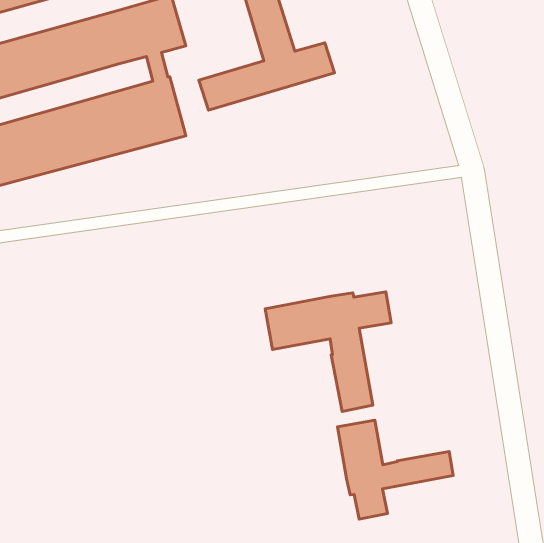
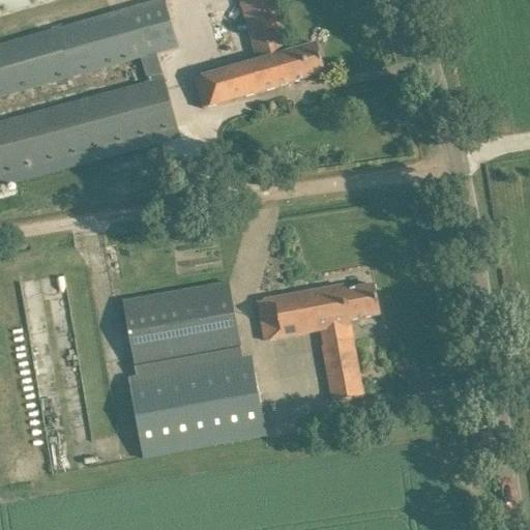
building: none -> [121,281,265,455]
building: [337,420,453,519] -> none

